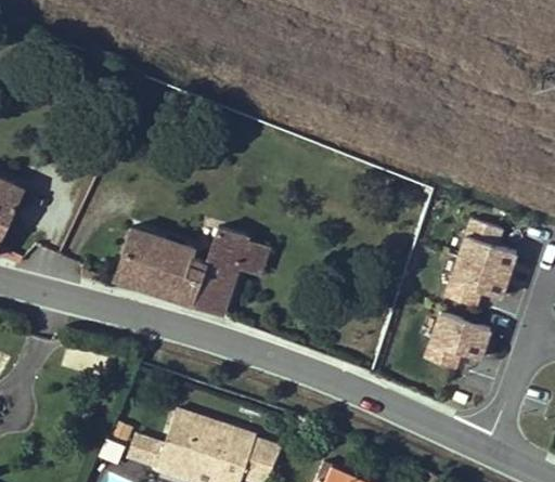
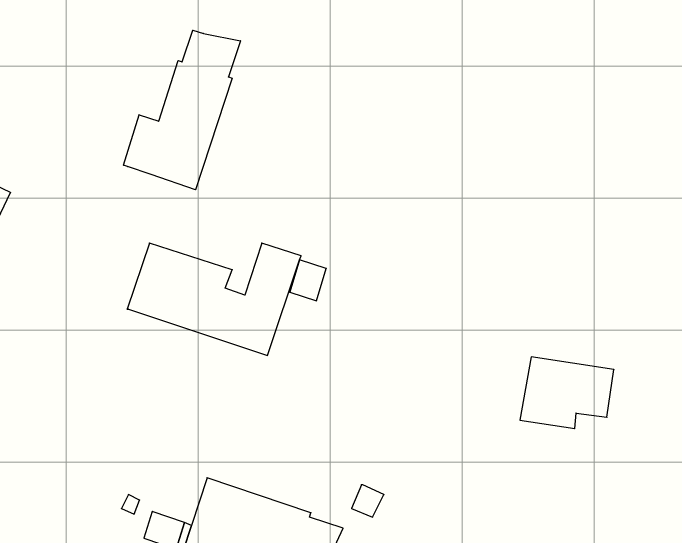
building: none -> [124,30,240,190]
building: [444,222,515,311] -> none

